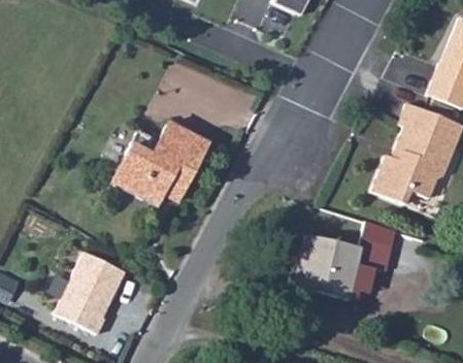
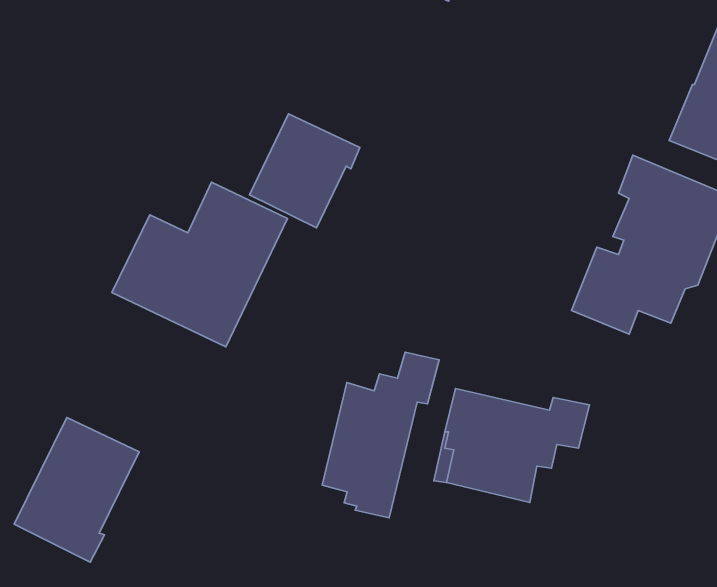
building: none -> [250,114,360,228]
building: none -> [322,352,439,518]

